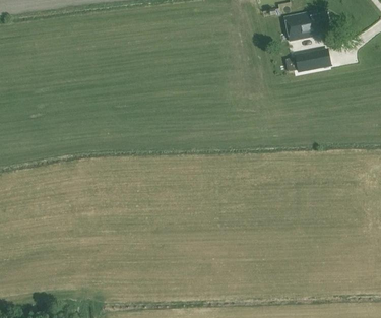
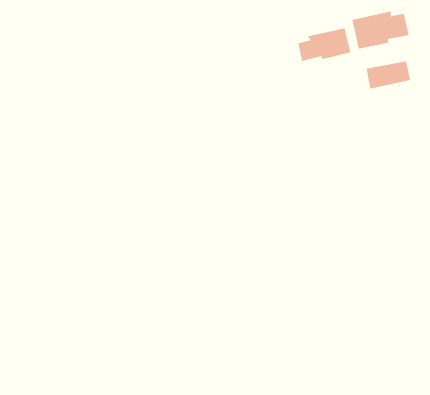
building: none -> [298,27,351,62]

